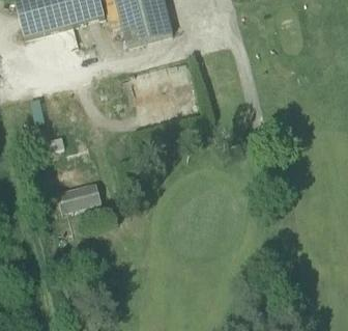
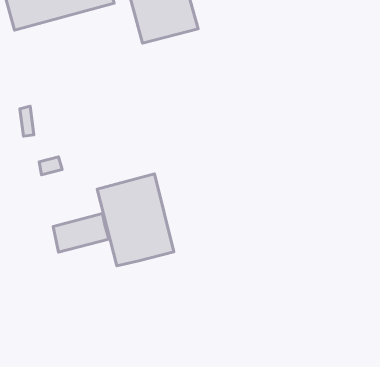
building: none -> [97,174,174,266]

